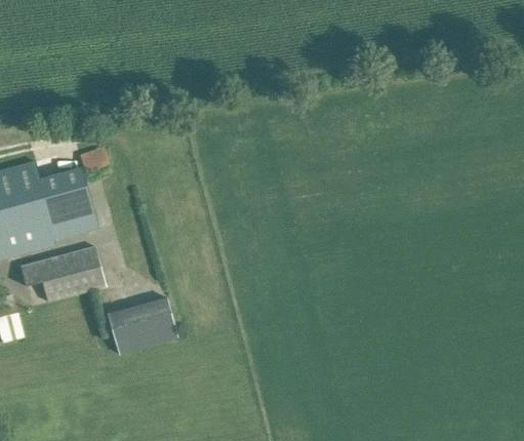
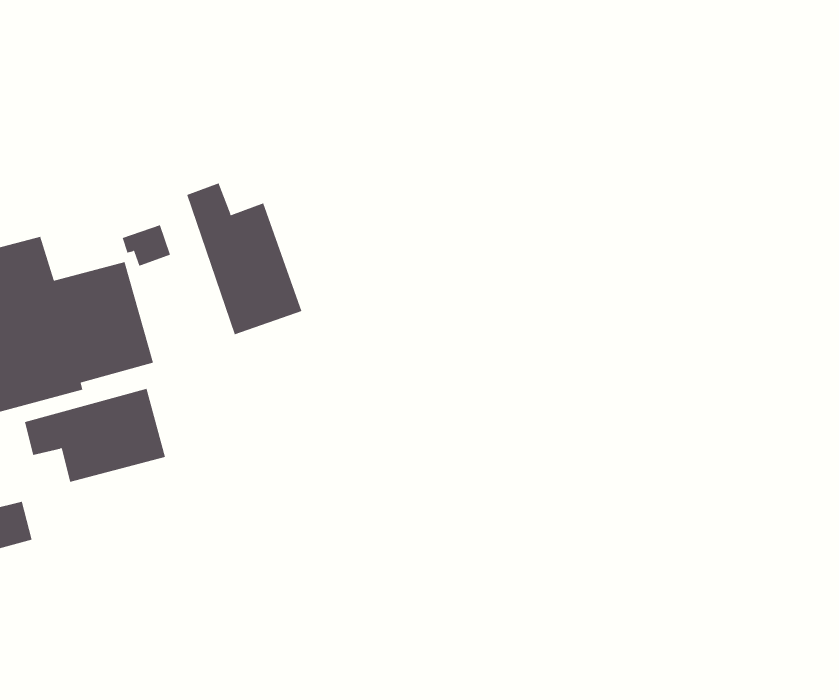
building: none -> [186,182,302,335]
building: [108,297,177,356] -> none

